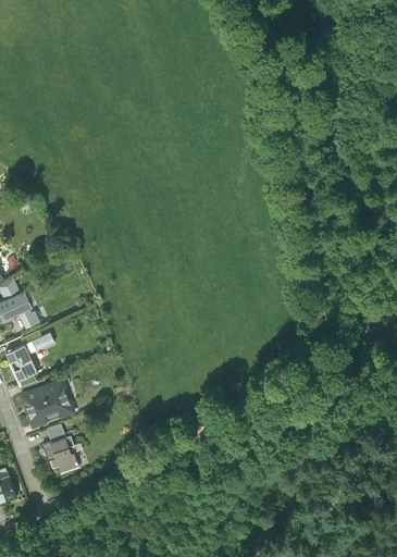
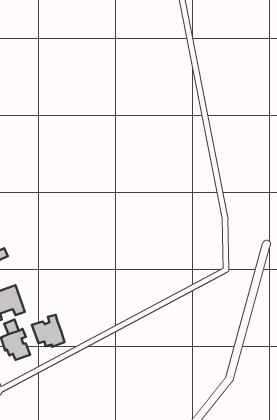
building: none -> [32,315,65,347]

